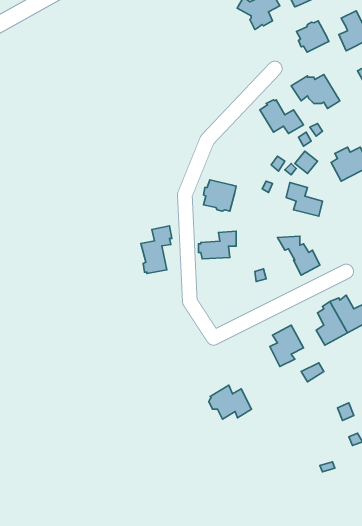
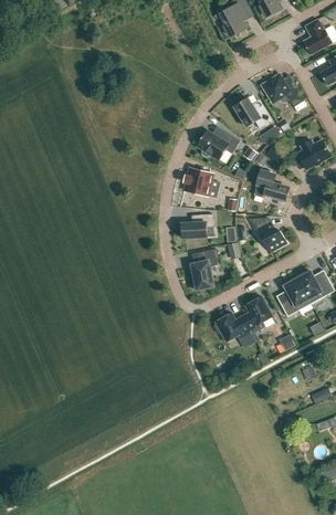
building: [296,21,329,52] -> none
building: none -> [196,129,240,159]
building: [141,226,172,273] -> [190,248,218,290]
building: [209,385,251,419] -> [213,312,251,341]

